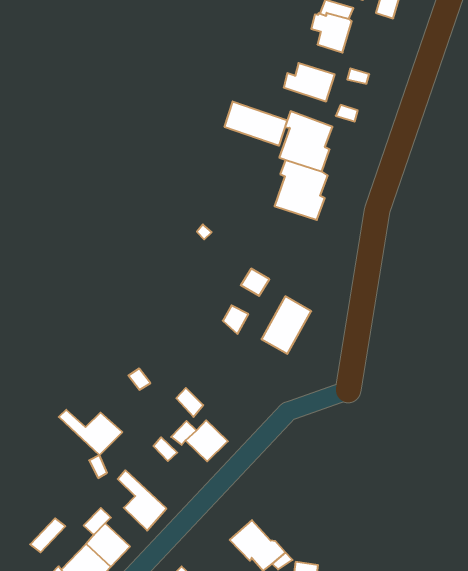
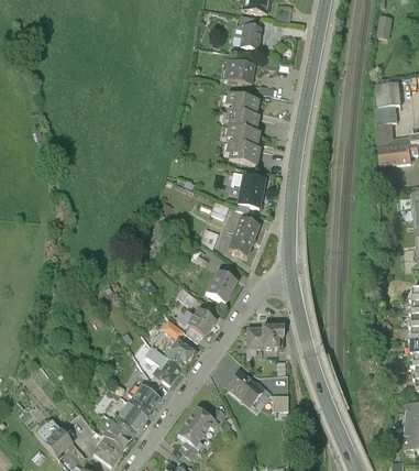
building: [225,101,287,146] -> none
building: none -> [232,172,264,205]
building: none -> [205,269,236,302]
building: [59,410,122,455] -> [150,341,194,370]
building: none -> [246,325,283,348]

